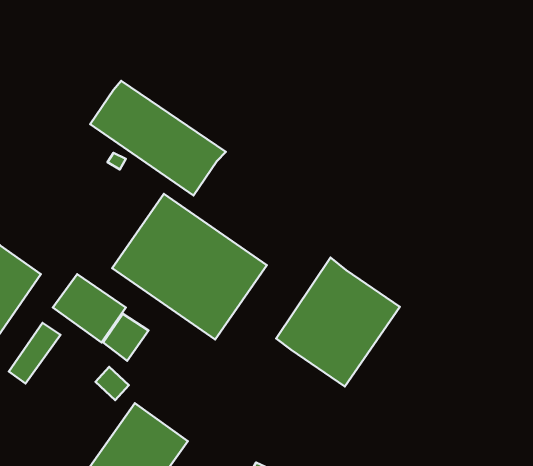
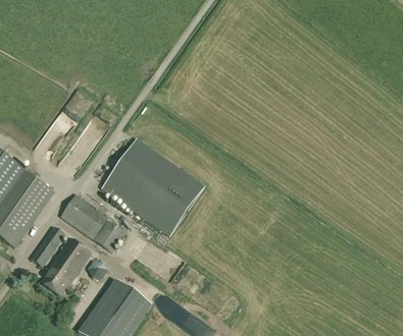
building: [90,81,226,195] -> none
building: [276,257,400,386] -> none
building: none -> [40,238,90,295]

